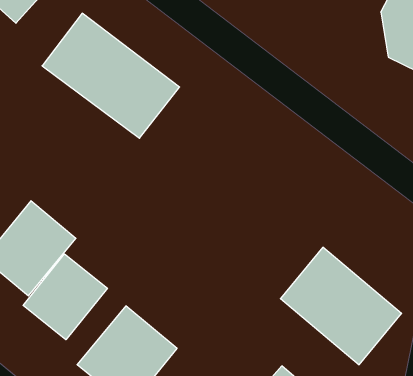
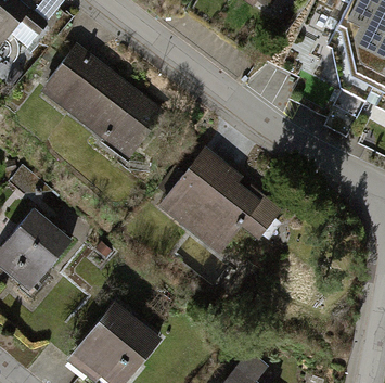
building: [280,247,402,365] -> [169,152,274,254]
building: [23,254,107,340] -> none

